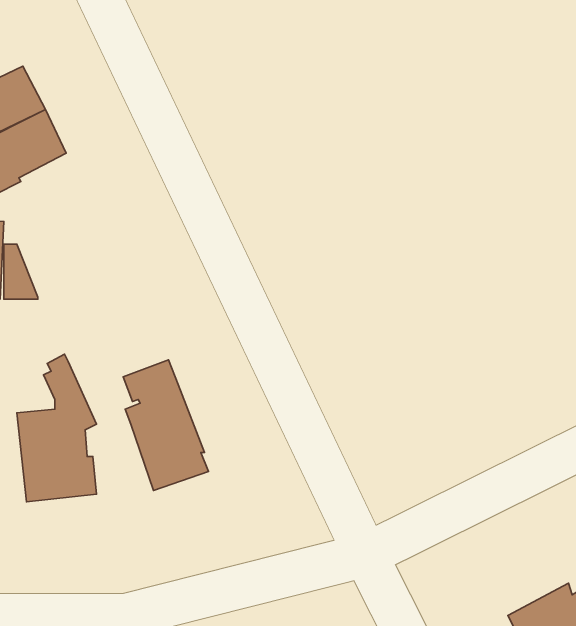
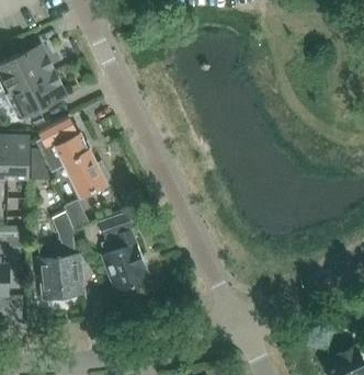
building: none -> [36,116,109,197]

